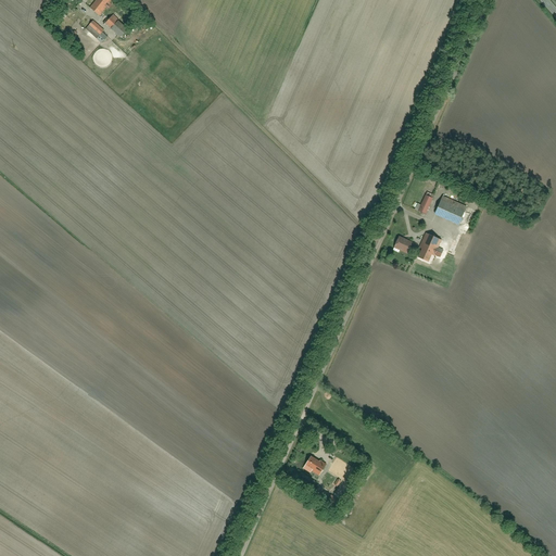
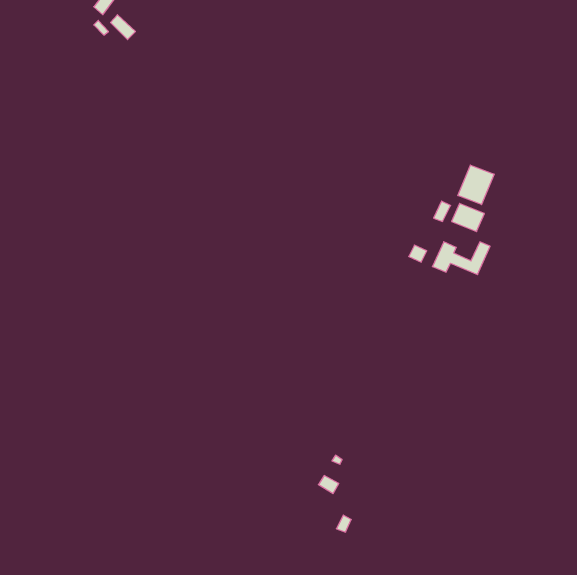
building: none -> [458,165,494,205]

